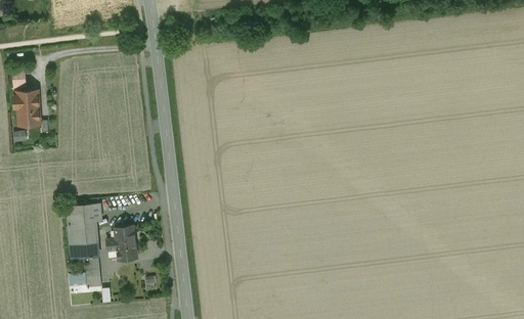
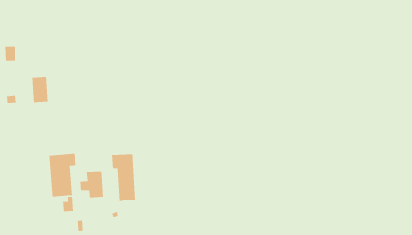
building: [17,91,39,125] -> [31,76,48,103]
building: none -> [111,154,136,202]

